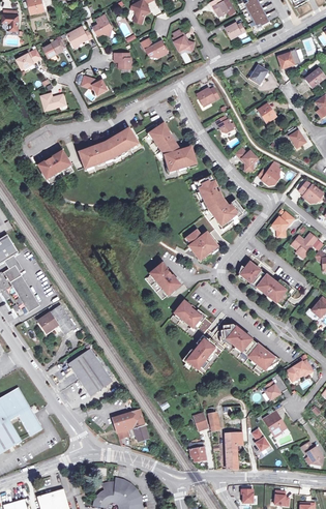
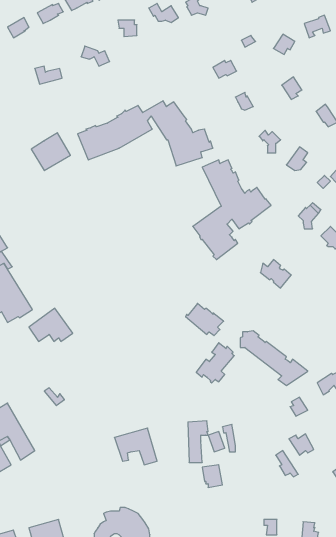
building: [144,264,179,299] -> none
building: [256,275,291,306] -> none
building: [67,349,112,395] -> none
building: [225,431,242,468] -> [188,421,208,462]

